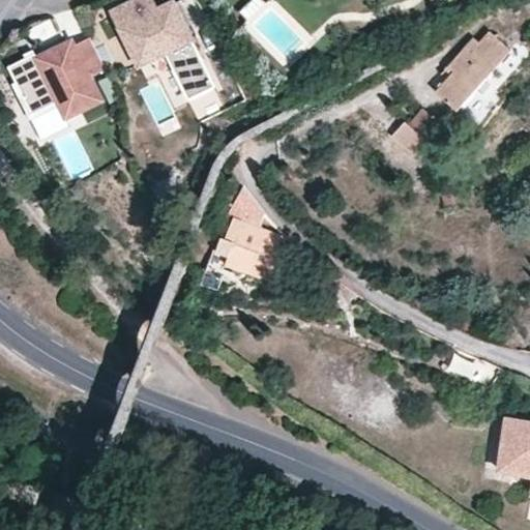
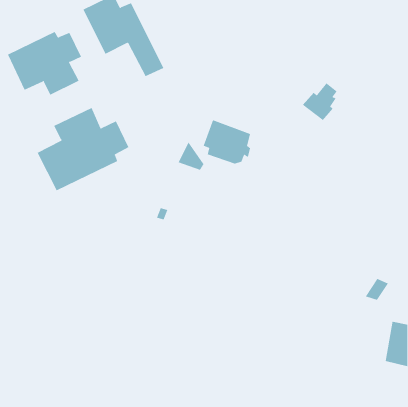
building: [436,29,510,108] -> none
building: none -> [37,107,129,191]
building: [222,216,284,274] -> [203,119,251,164]

